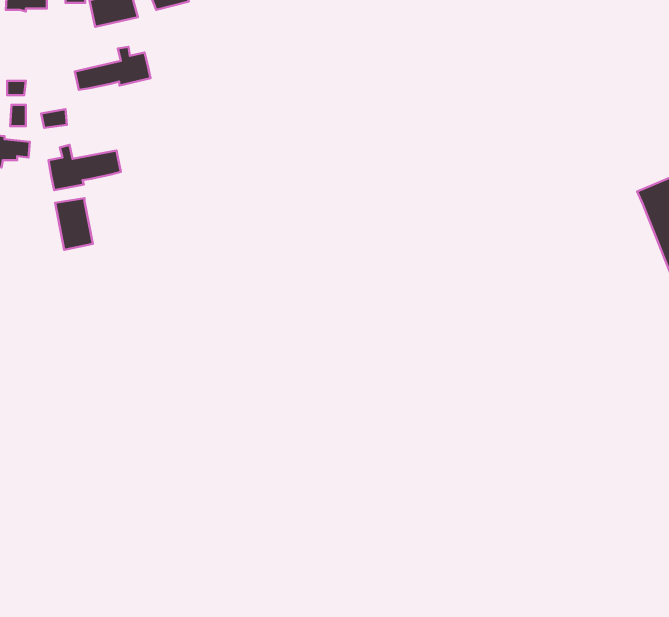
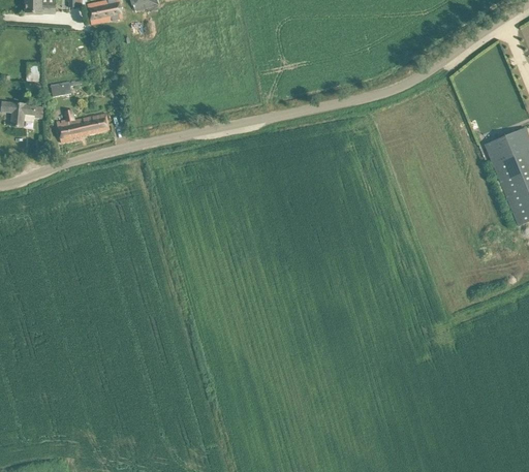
building: [75,47,151,90] -> none
building: [55,198,93,250] -> none

